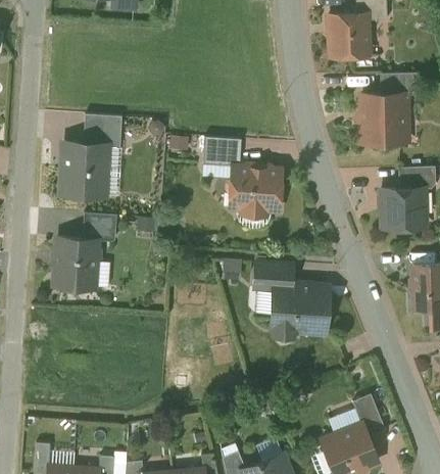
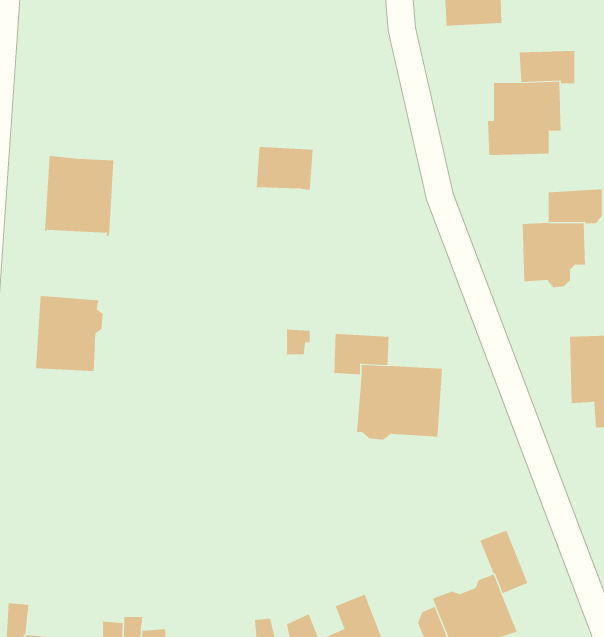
building: [83,115,121,149] -> none
building: [226,165,281,210] -> none
building: [83,214,116,237] -> none

